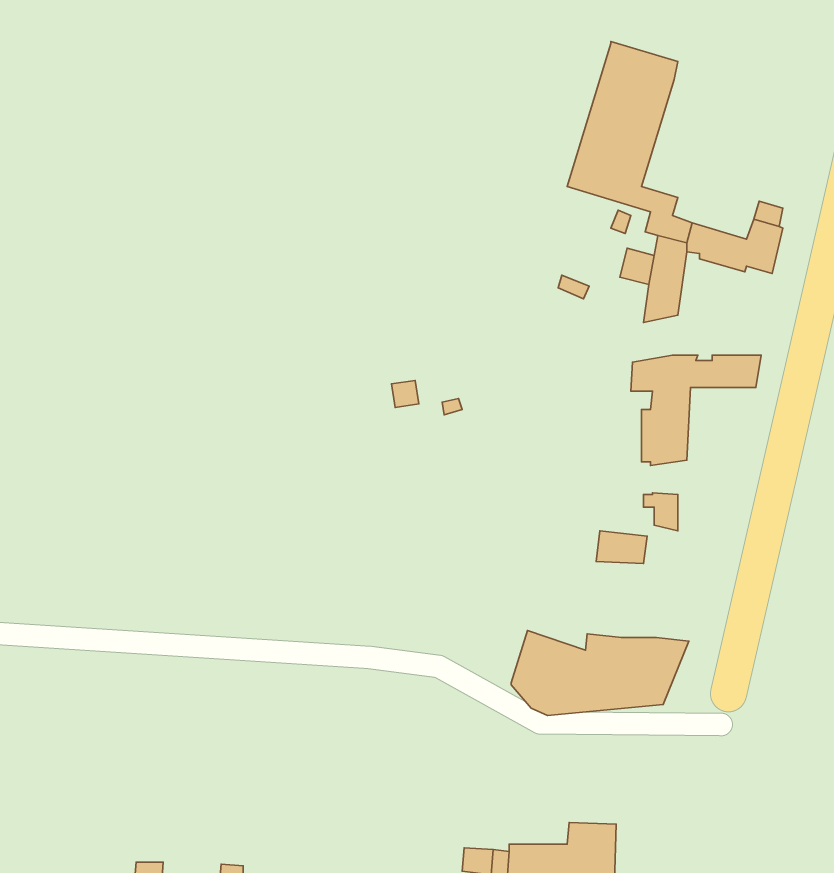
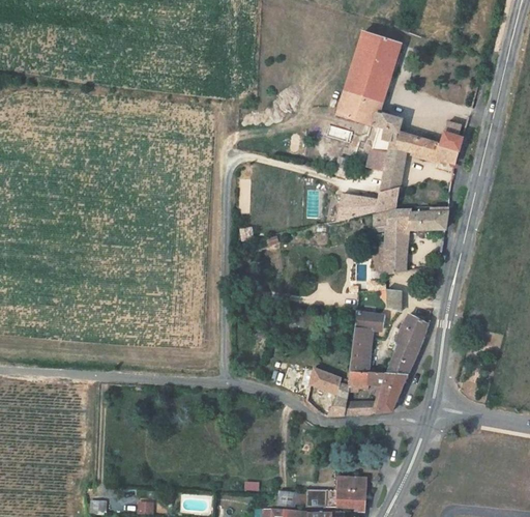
building: none -> [337,186,401,219]
building: none -> [388,312,428,372]
building: none -> [349,338,372,371]

